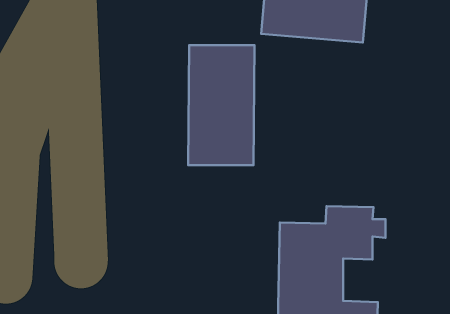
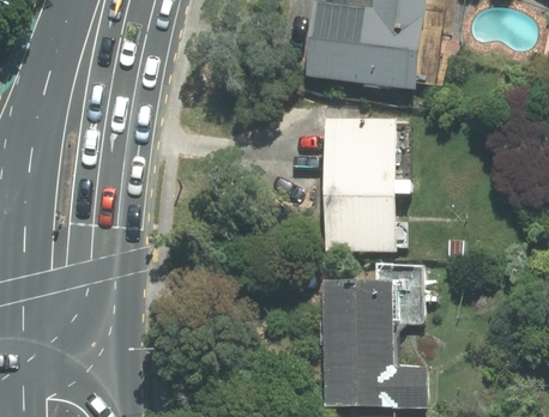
building: [188,45,255,165] -> [324,120,397,252]

